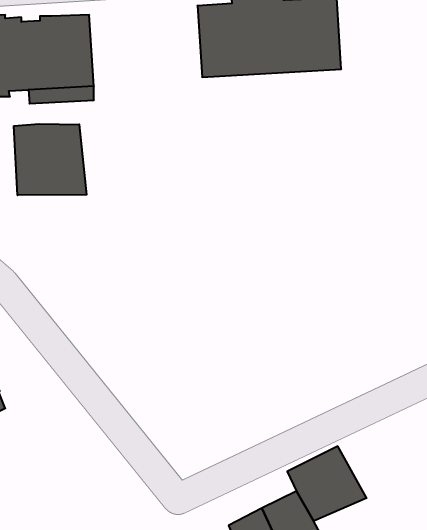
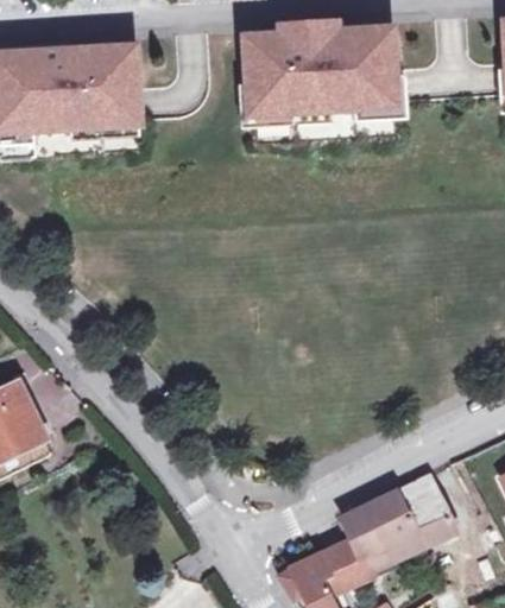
building: [14,124,87,195] -> none
building: none -> [393,473,457,544]

